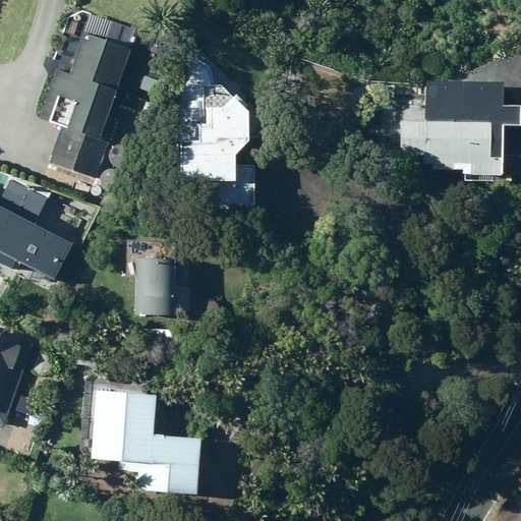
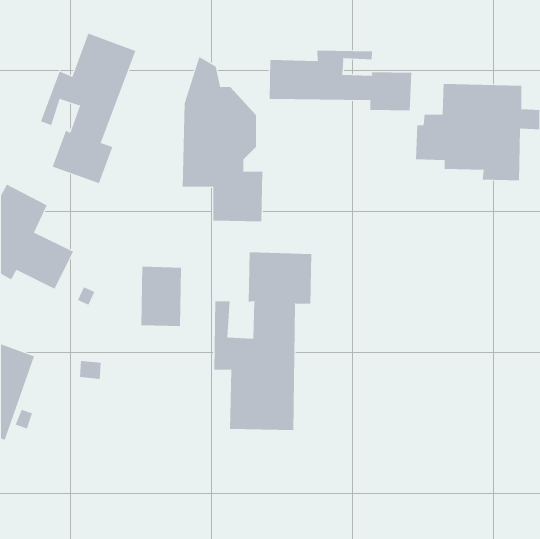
building: none -> [269,50,412,111]
building: none -> [214,251,312,431]
building: [90,389,201,495] -> none

